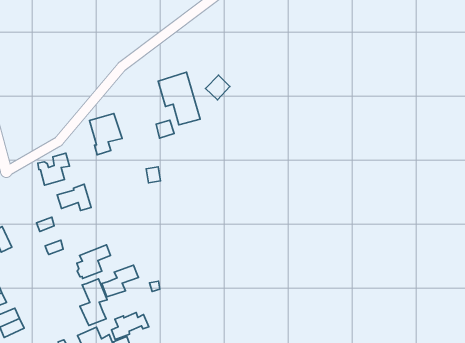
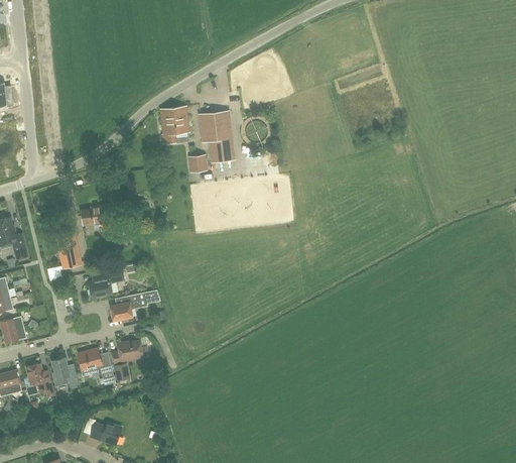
building: [89,113,122,155] -> [160,106,189,144]
building: [38,153,70,185] -> none
building: [80,279,107,326] -> none

